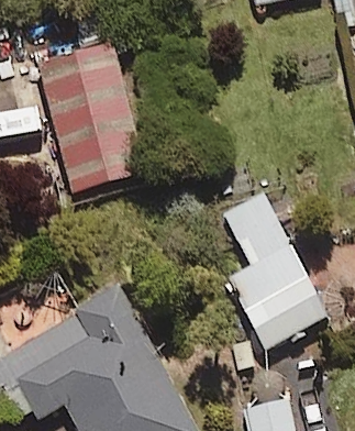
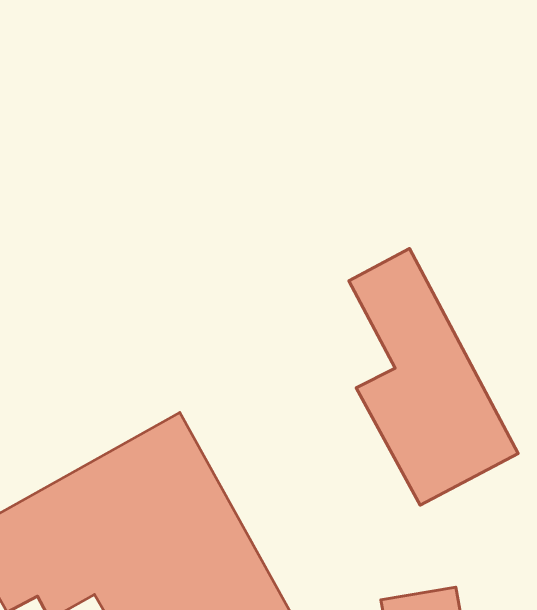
building: [45,46,144,187] -> none

